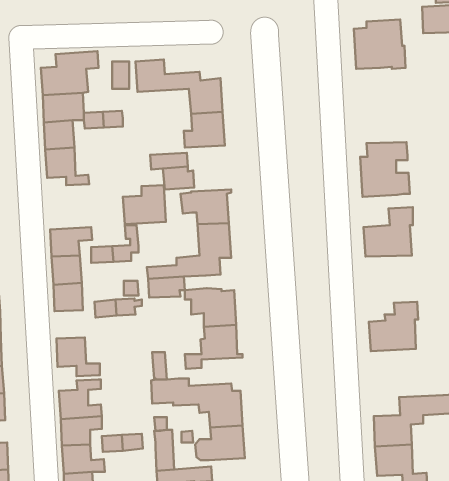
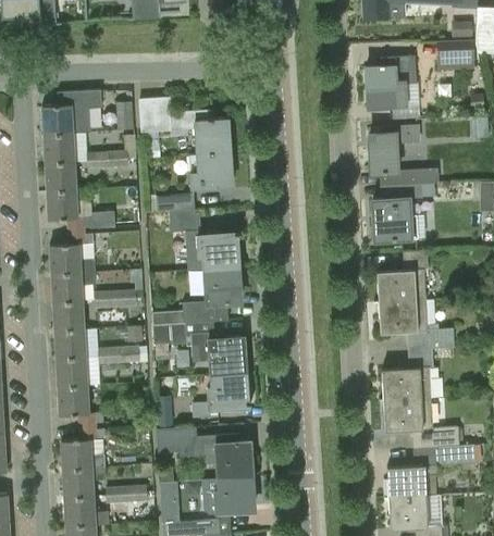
building: none -> [370,125,460,185]
building: [123,185,166,224] -> [50,234,95,274]
building: none -> [379,301,454,350]
building: none -> [57,358,88,387]
building: none -> [384,398,459,448]

